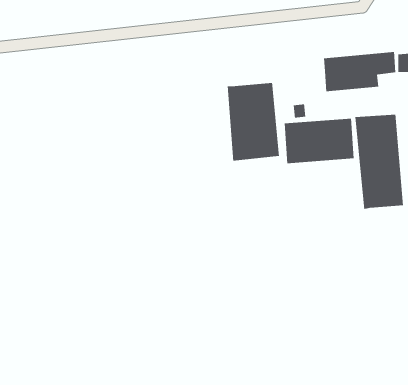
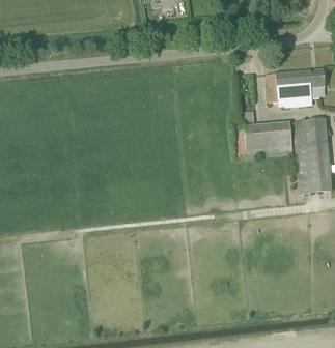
building: [227,82,279,161] -> none

